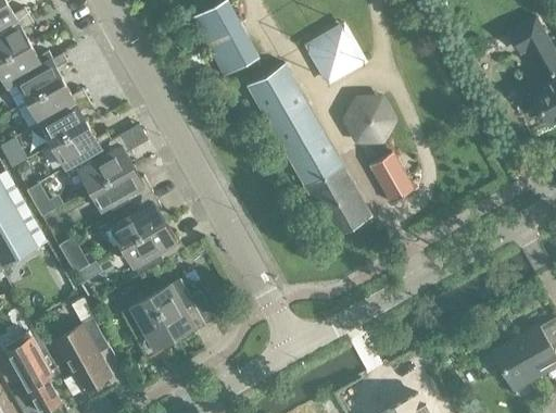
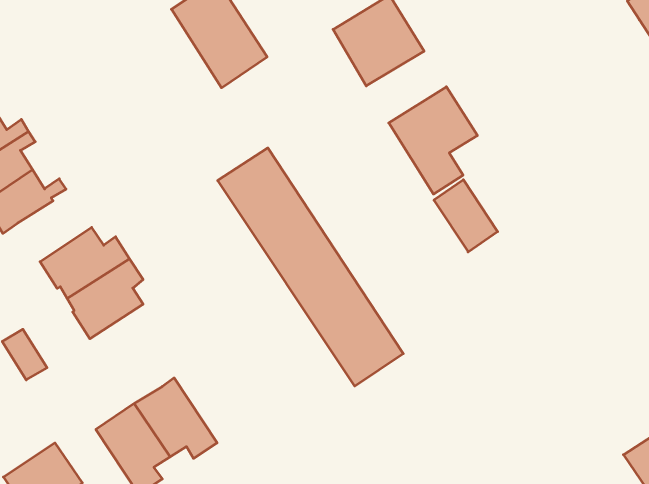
building: [248,65,370,237] -> [218,148,403,386]
building: [75,136,129,191] -> none
building: [121,226,185,276] -> none

